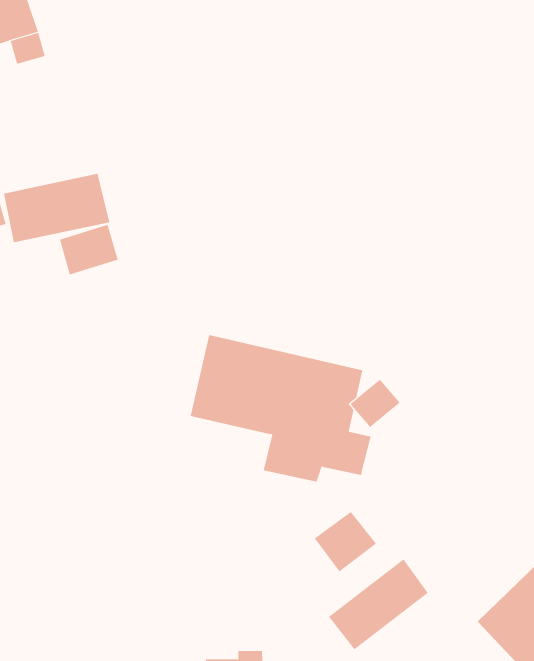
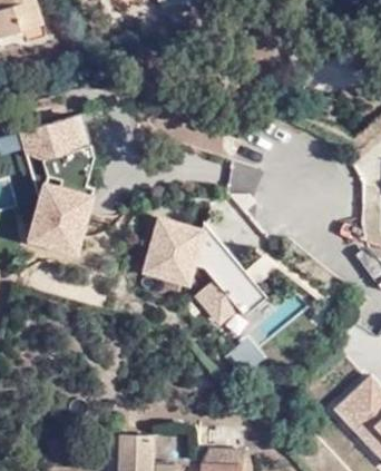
building: none -> [26,178,97,257]
building: [328,558,429,650] -> none

